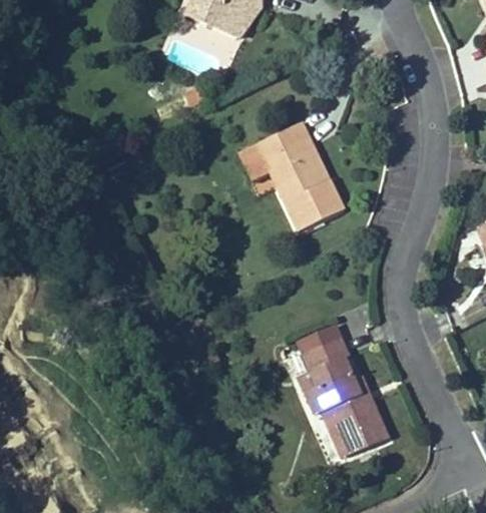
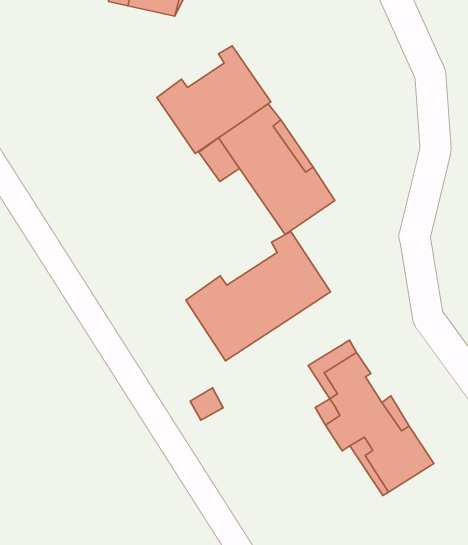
building: none -> [157,46,271,154]
building: none -> [186,231,330,361]

